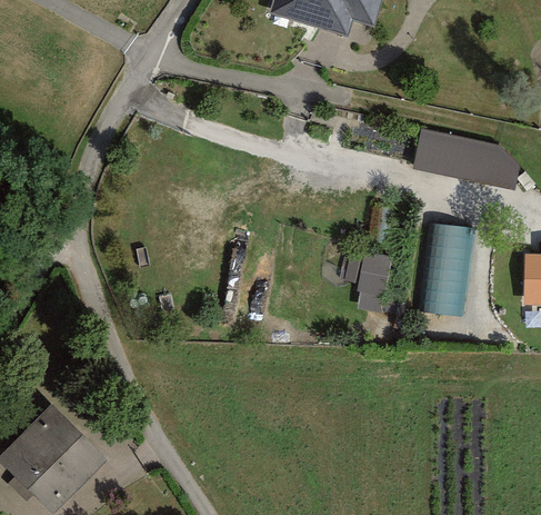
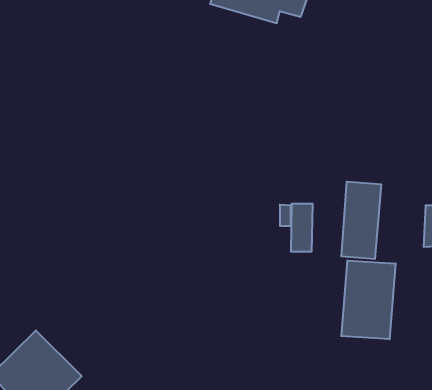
building: [412,129,519,189] -> none
building: none -> [341,260,396,339]

